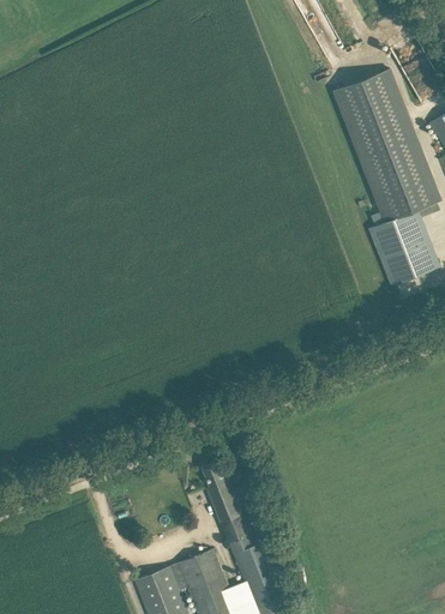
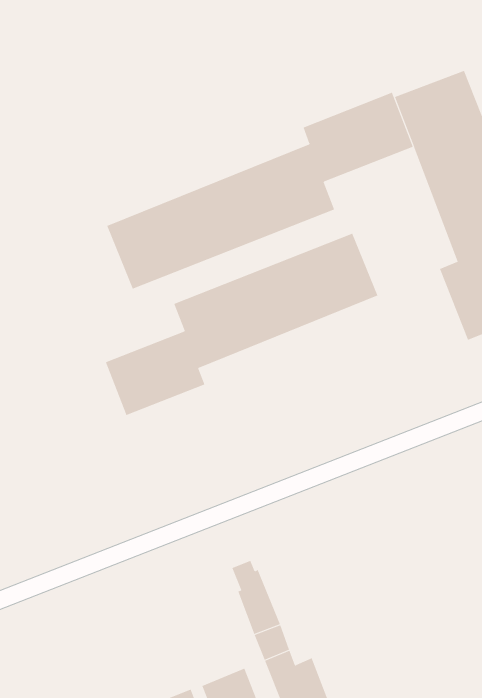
building: none -> [106,92,413,290]
building: none -> [105,233,378,416]

